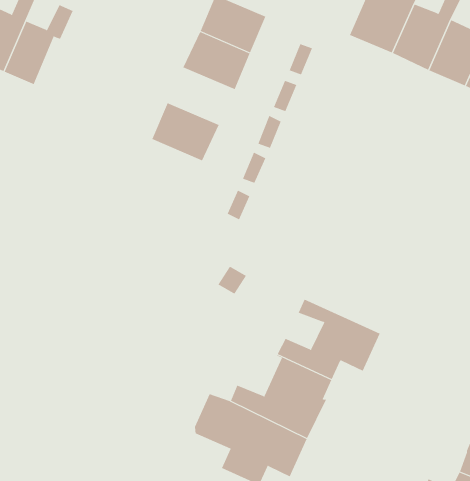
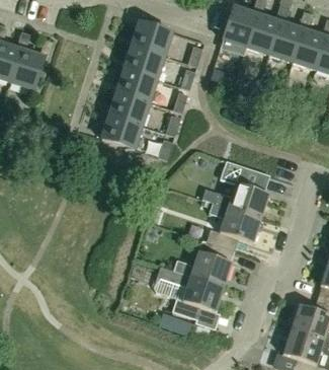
building: none -> [116,71,157,103]
building: none -> [102,117,142,150]
building: none -> [205,161,269,220]

